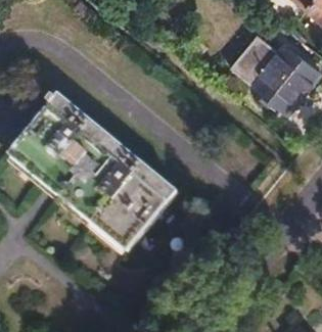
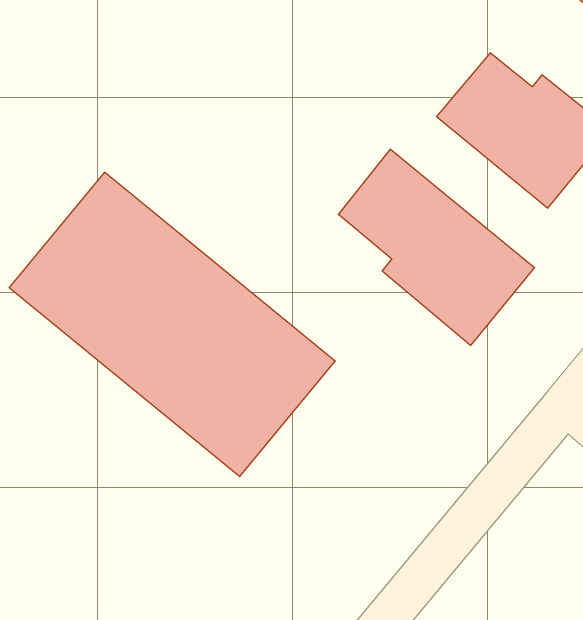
building: none -> [338,149,535,345]

